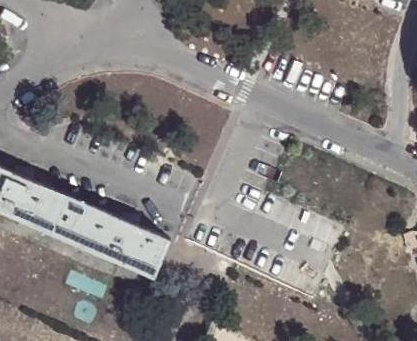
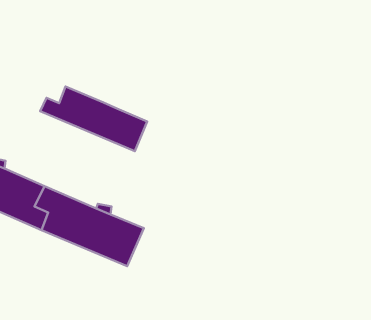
building: none -> [40,87,147,151]

